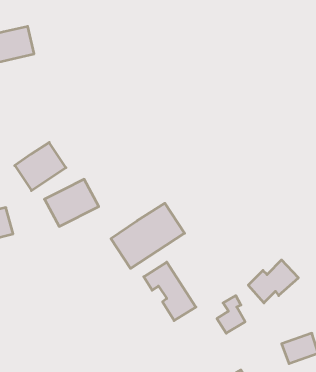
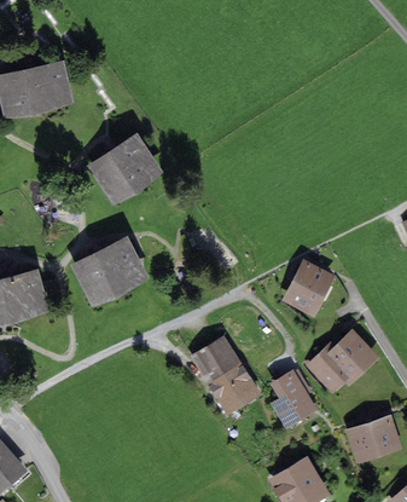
building: [15,142,66,191] -> [95,139,155,195]
building: none -> [290,265,328,307]
building: [111,203,185,268] -> none

